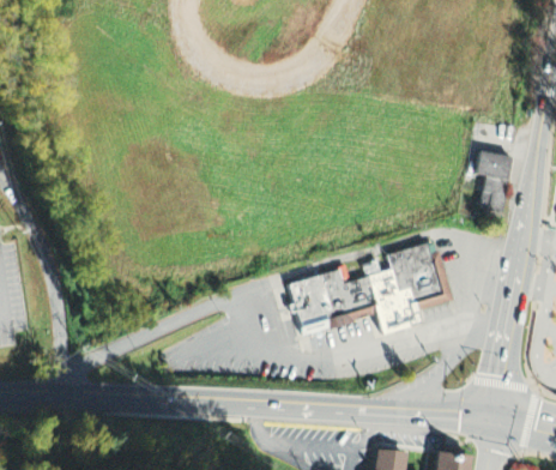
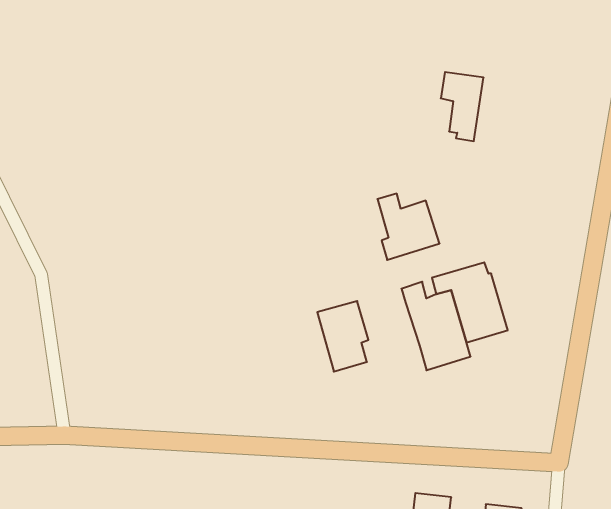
building: [476,150,513,210] -> [441,72,484,141]
building: [322,270,376,327] -> [377,194,440,260]

